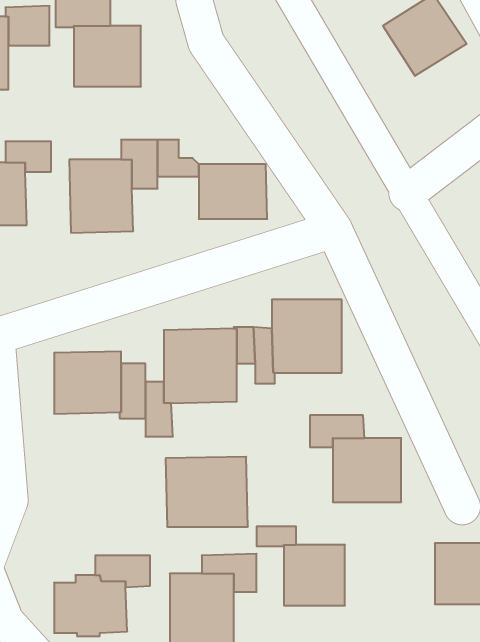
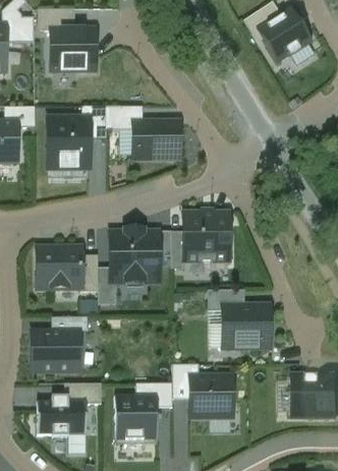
building: [166,457,248,527] -> [30,325,84,371]

